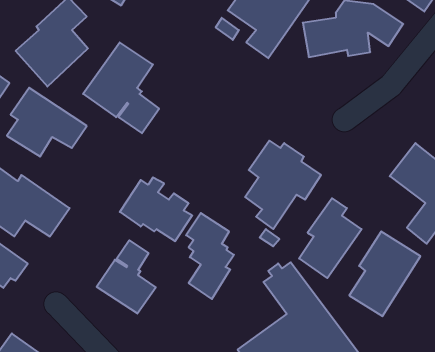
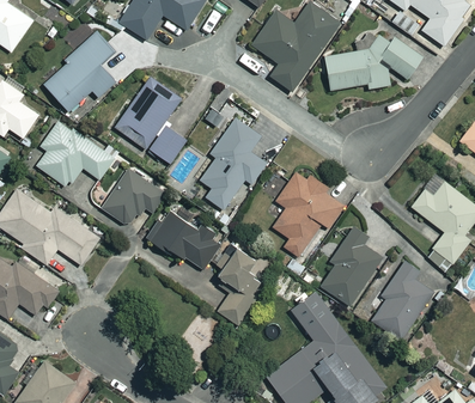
building: none -> [196,116,266,209]
building: none -> [98,167,164,222]
building: [97,240,156,314] -> none

